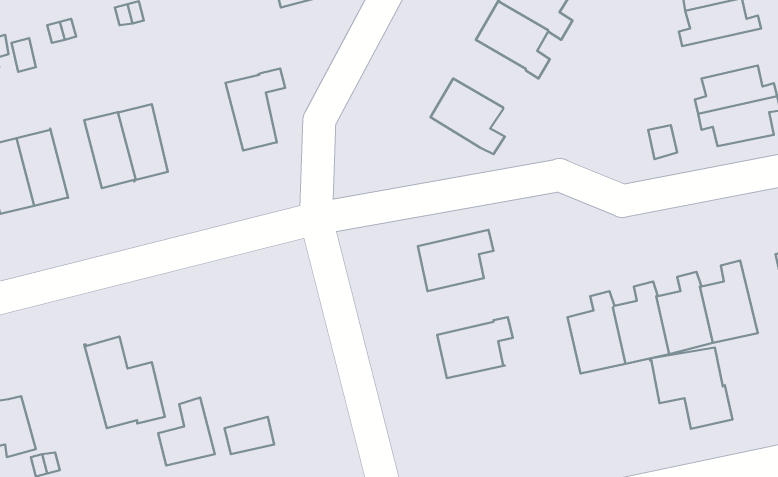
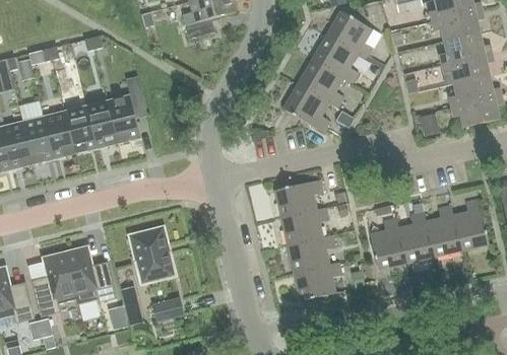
building: none -> [441,52,493,84]
building: none -> [297,59,343,106]
building: [225,68,285,151] -> [107,90,144,142]
building: none -> [43,110,75,158]
building: none -> [280,206,328,244]
building: none -> [131,227,175,282]
building: none -> [33,251,78,315]
building: [649,348,733,429] -> none
building: none -> [293,261,341,300]

